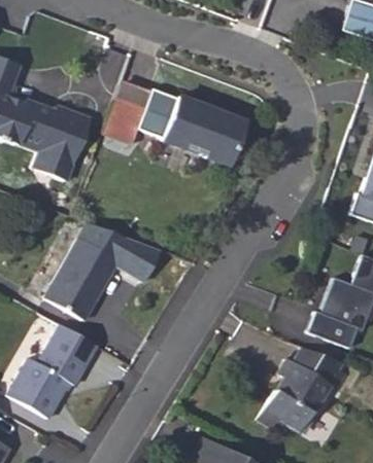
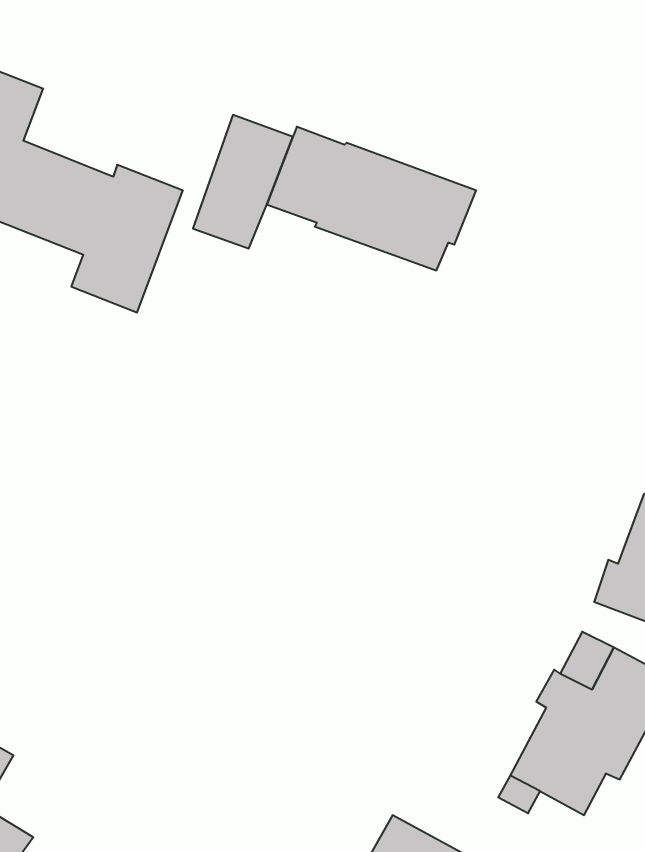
building: [35,217,156,321] -> none
building: [5,321,105,420] -> none

